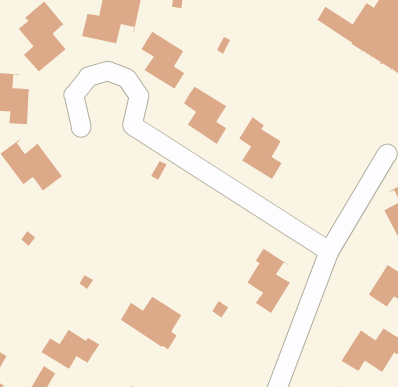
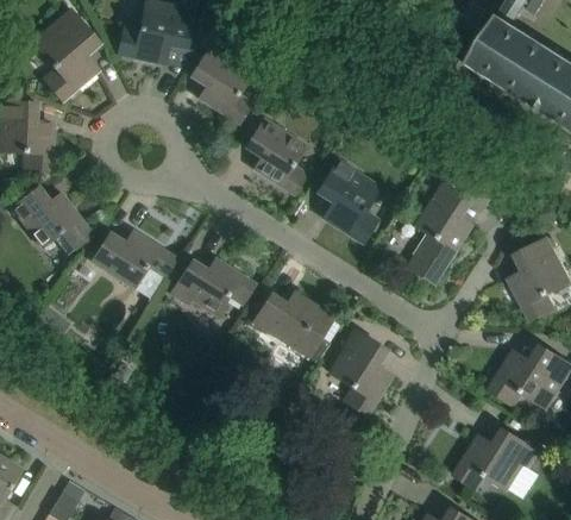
building: none -> [407,183,472,284]
building: none -> [92,231,177,302]
building: none -> [171,258,256,315]
building: [120,296,182,350] -> [253,292,334,362]
building: [40,329,100,370] -> none

